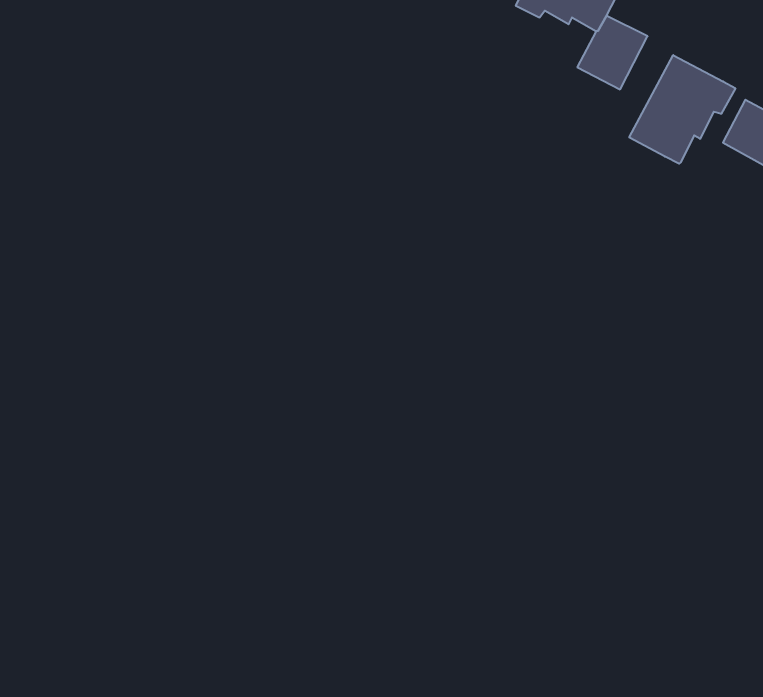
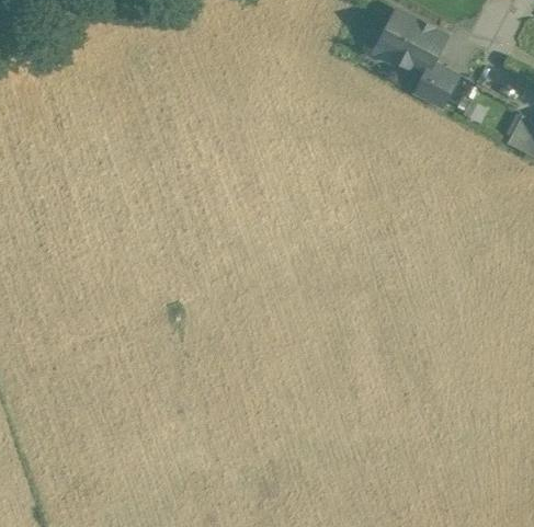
building: [629,55,735,164] -> none

